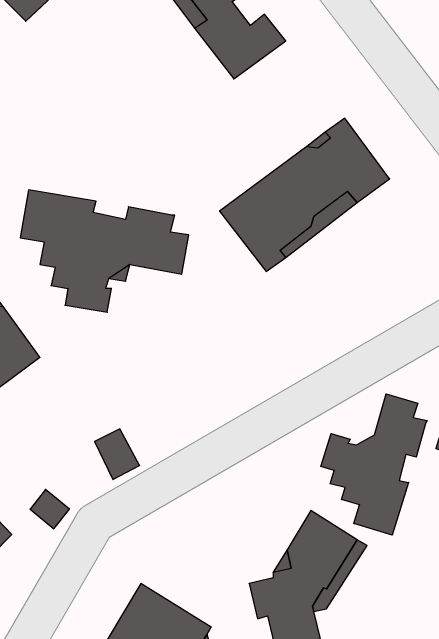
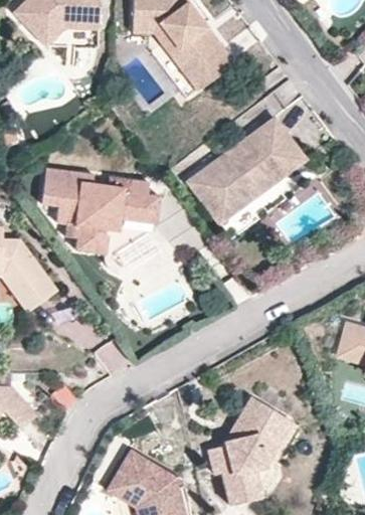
building: [321,394,427,535] -> none

